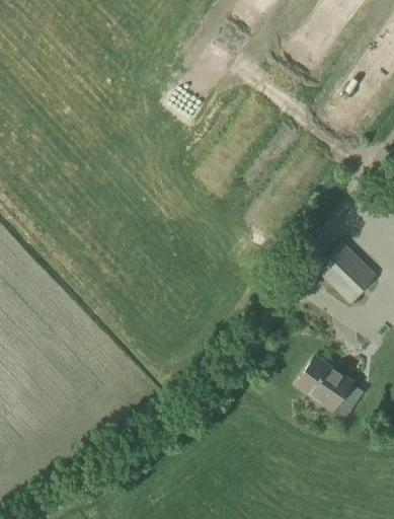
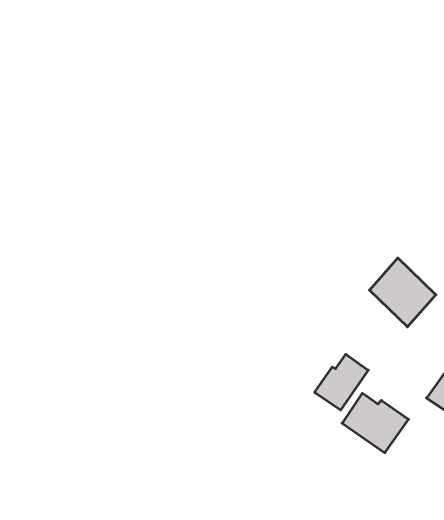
building: none -> [315,354,368,410]

